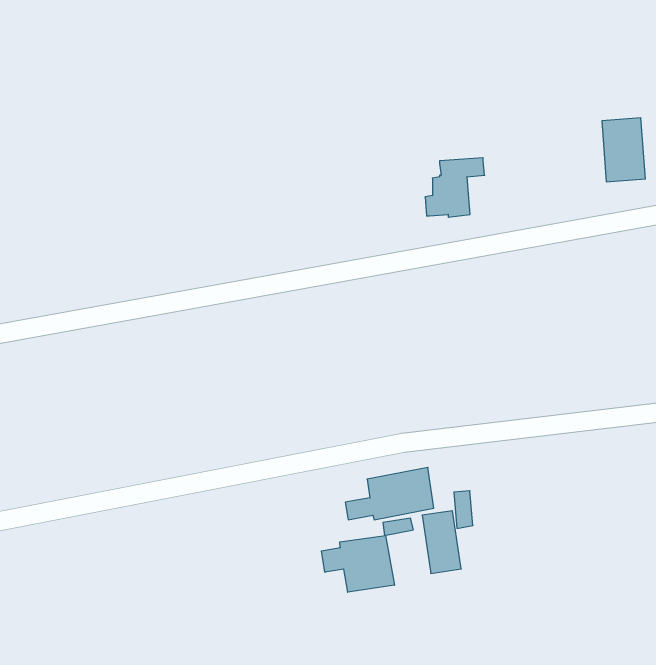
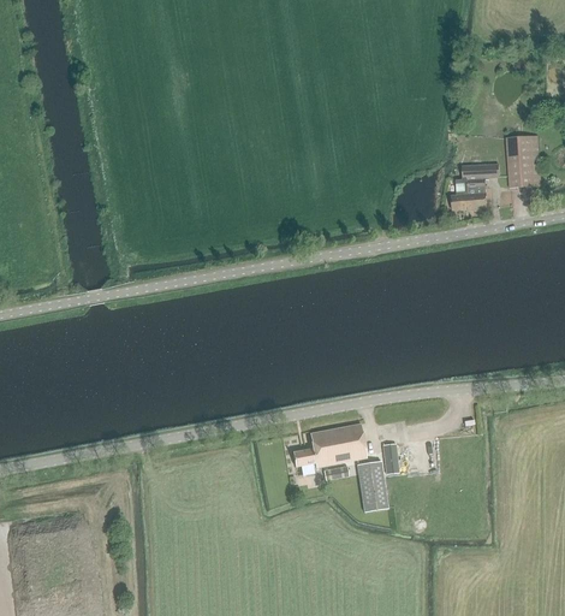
building: [425,158,485,217] -> [450,161,499,211]
building: [321,535,394,592] -> none

